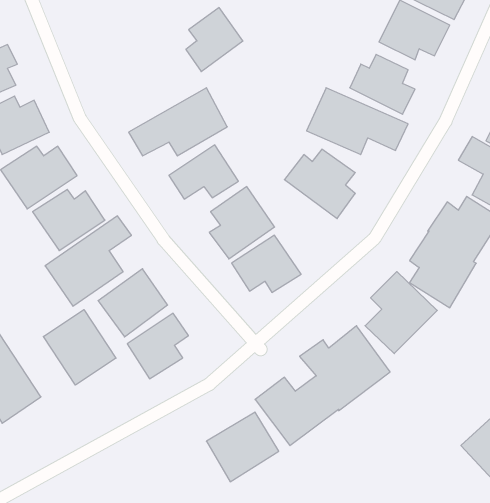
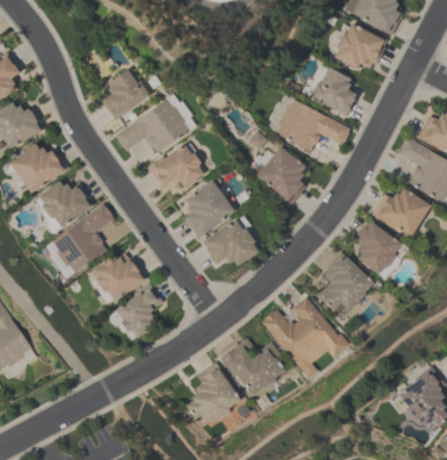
building: [186,8,243,72] -> [101,65,150,120]
building: [43,310,116,385] -> none

